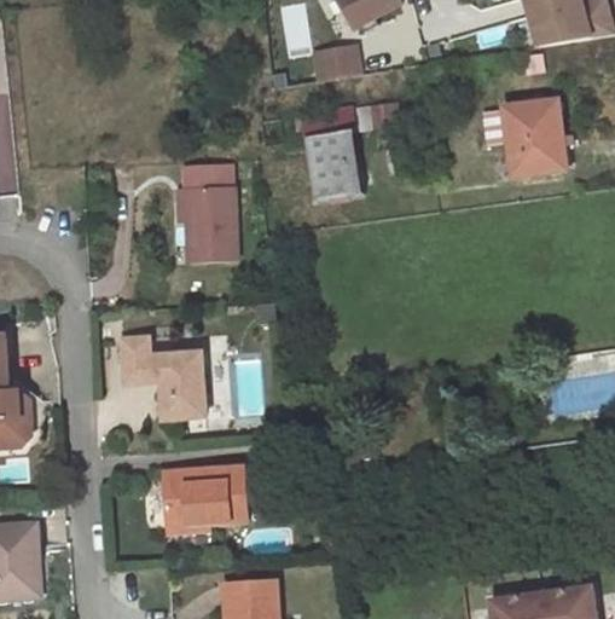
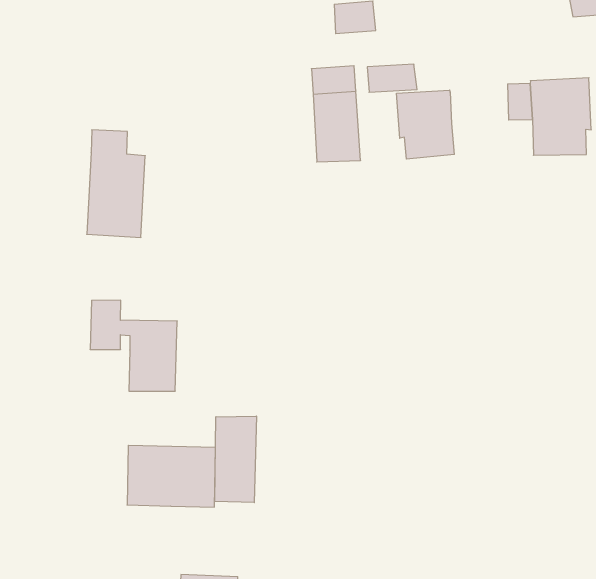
building: none -> [397,90,454,159]
building: [182,162,236,259] -> [87,130,145,237]
building: none -> [215,416,256,503]

